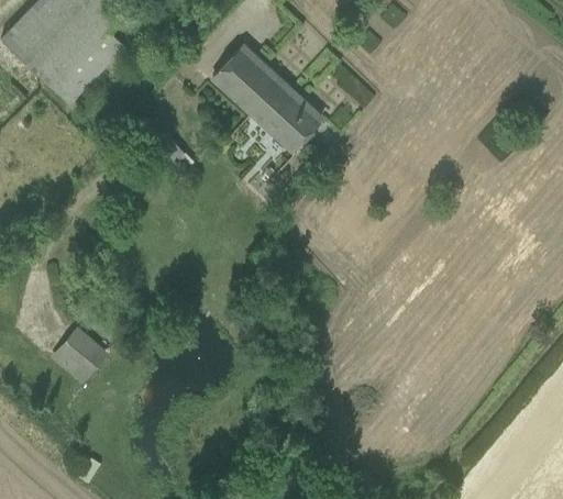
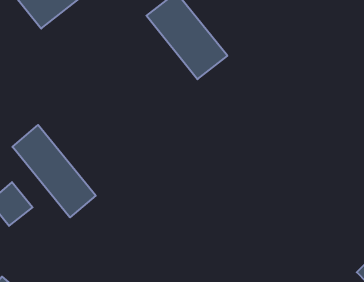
building: none -> [12,125,96,217]

